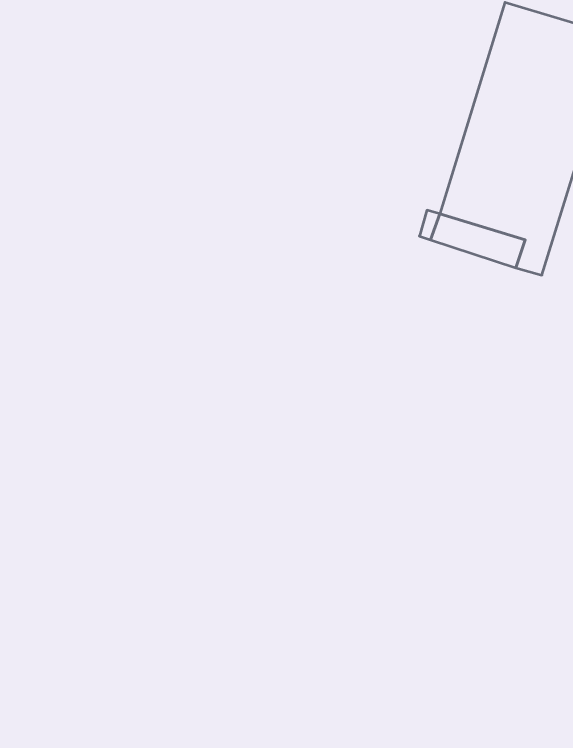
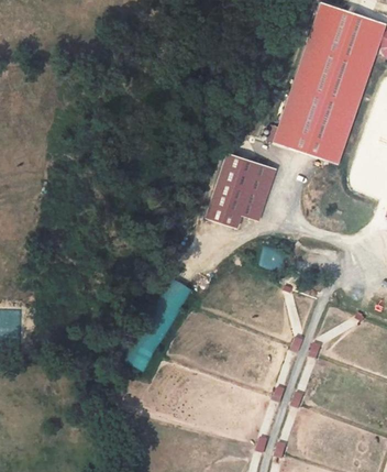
building: none -> [203,152,276,229]

